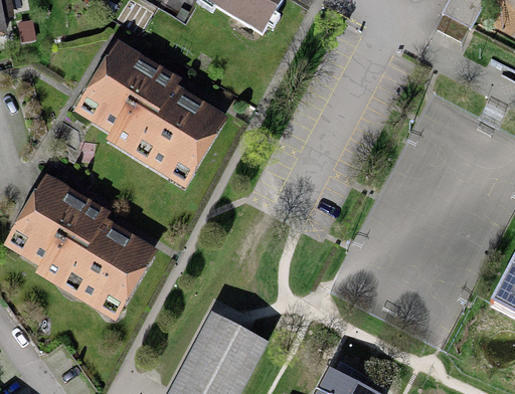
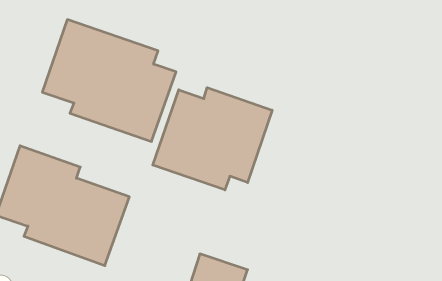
building: none -> [153,88,272,190]

